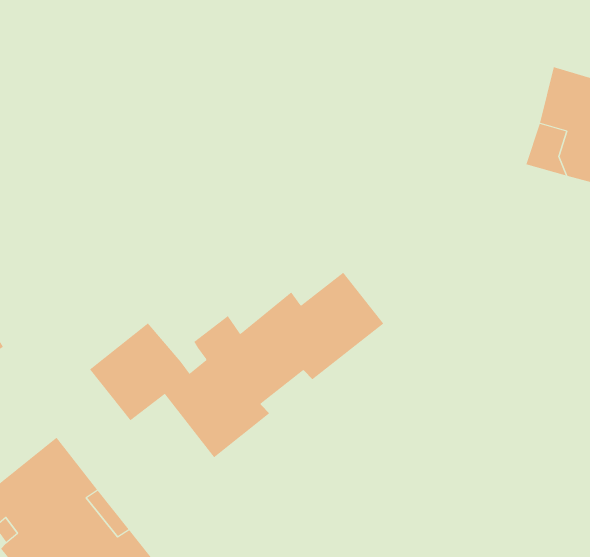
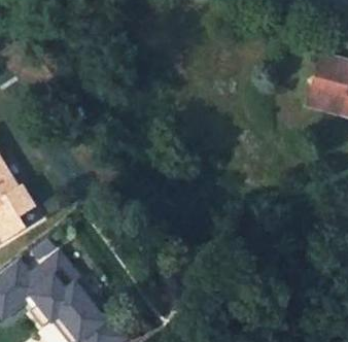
building: [89,272,384,458] -> none

